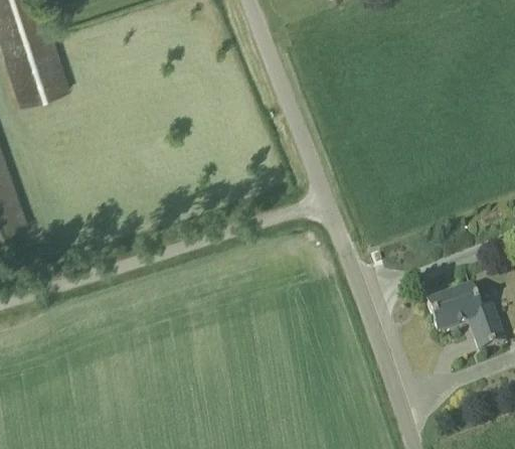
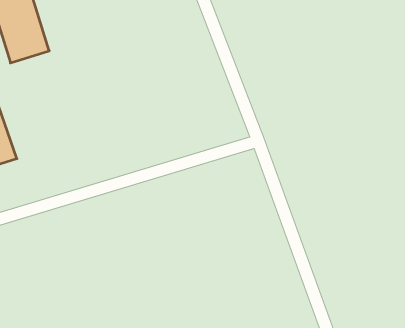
building: [424,285,503,347] -> none

